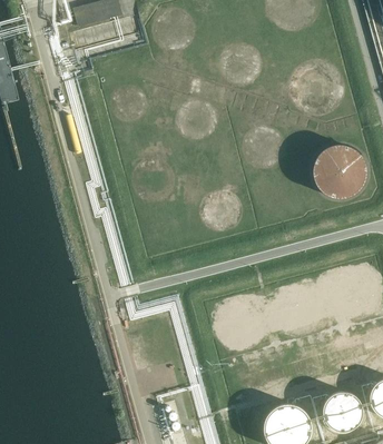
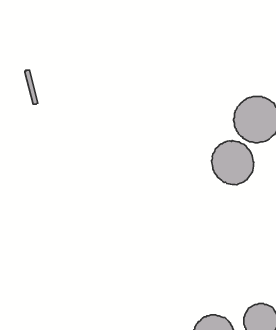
building: none -> [212,141,254,185]

